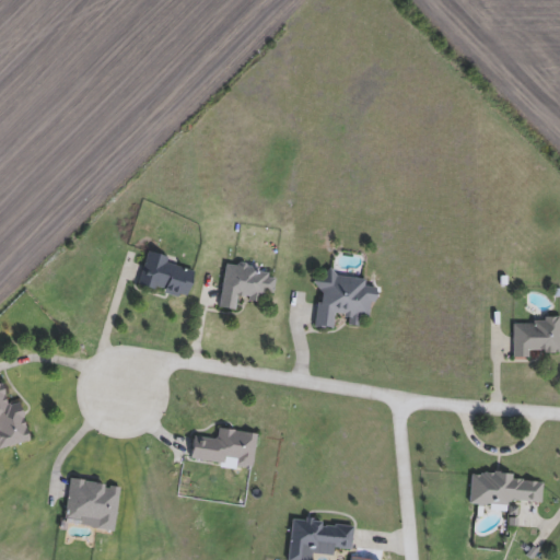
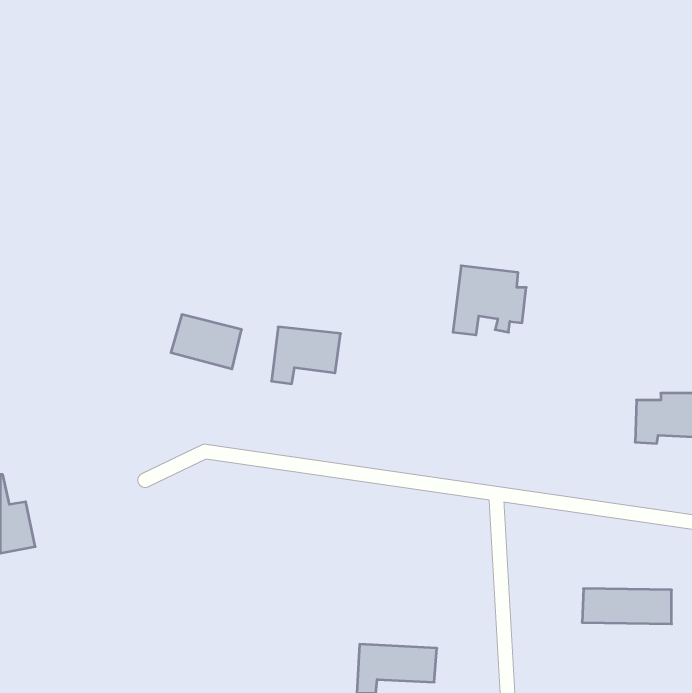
building: [315,272,374,328] -> [453,266,526,335]
building: [191,429,257,466] -> none
building: [66,479,120,530] -> none

